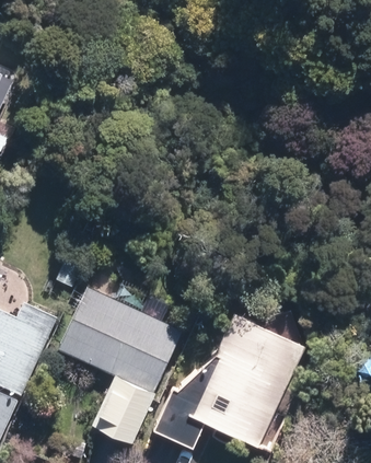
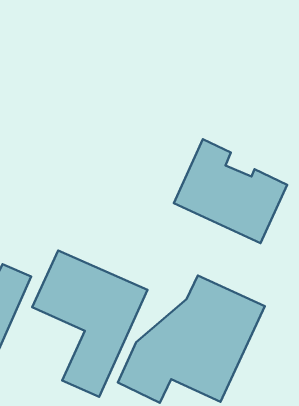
building: none -> [174,139,287,243]

